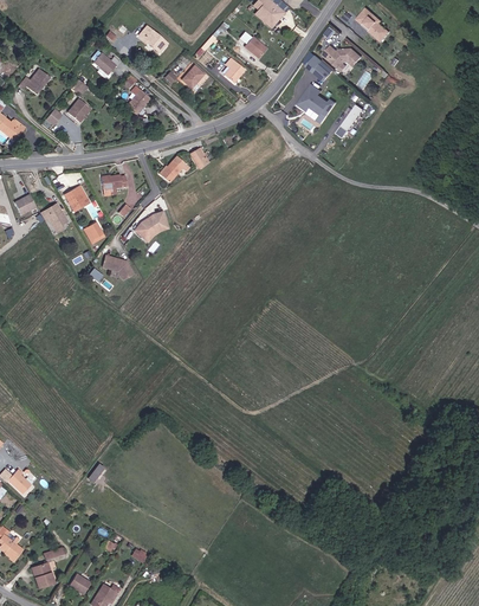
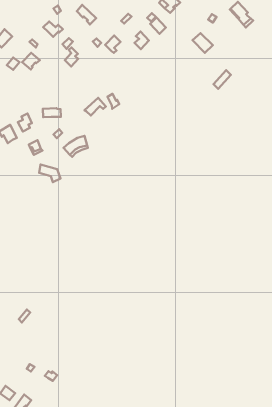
building: [324,44,363,67] -> none
building: [298,85,336,115] -> none

